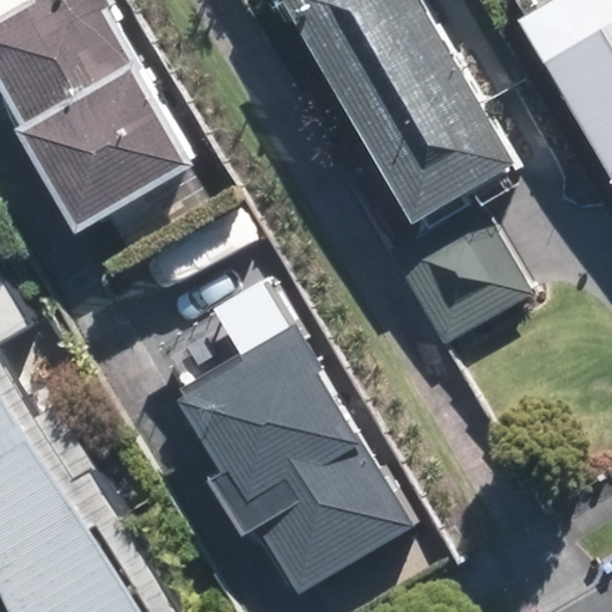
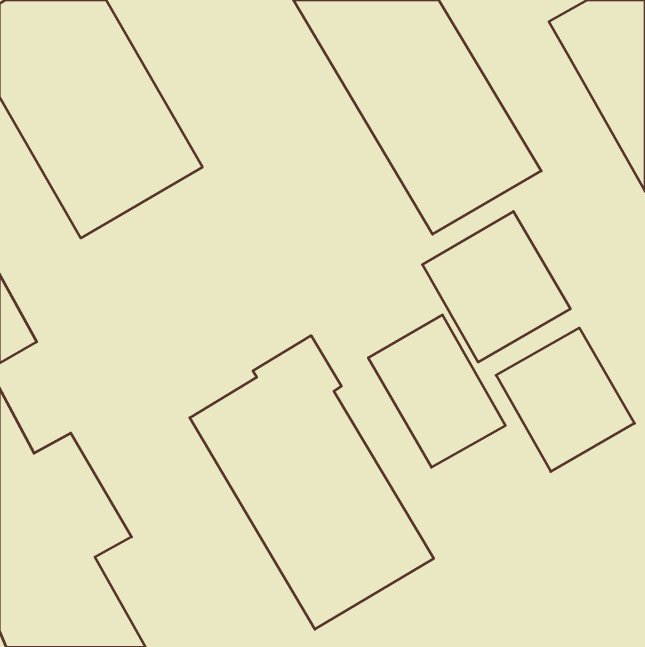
building: none -> [368,315,505,467]
building: none -> [496,328,635,472]

